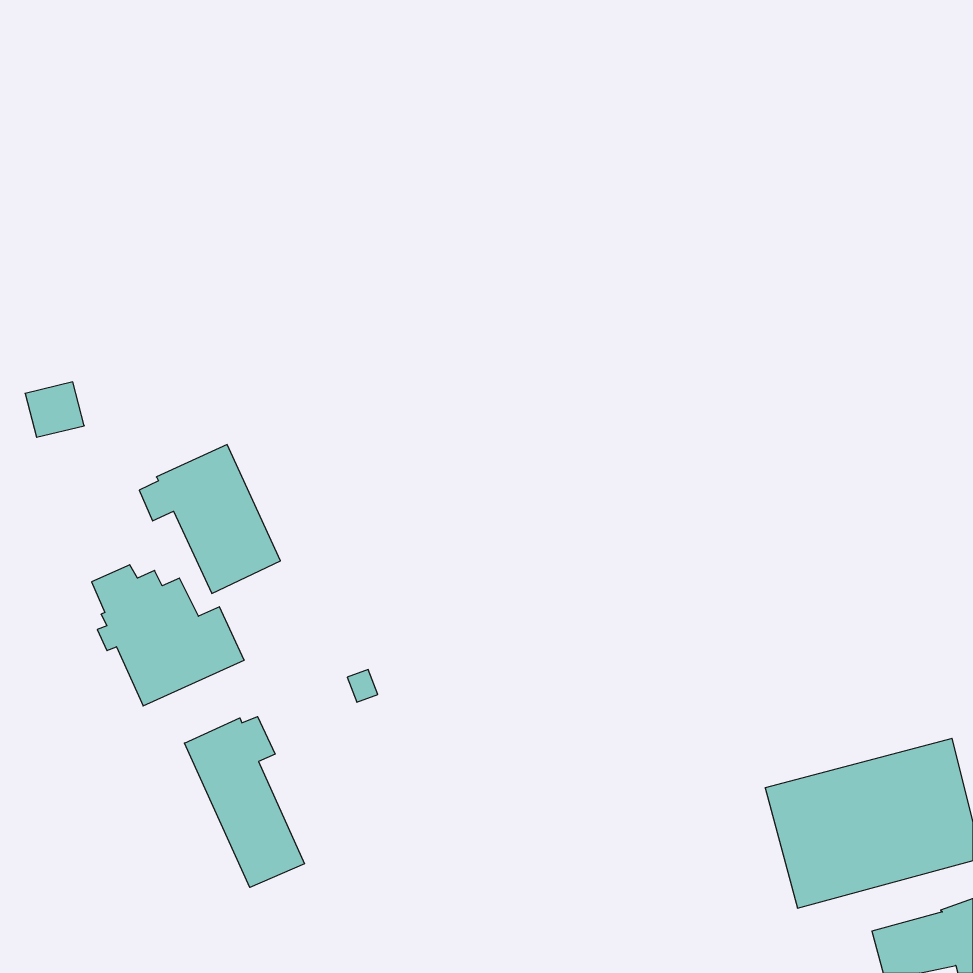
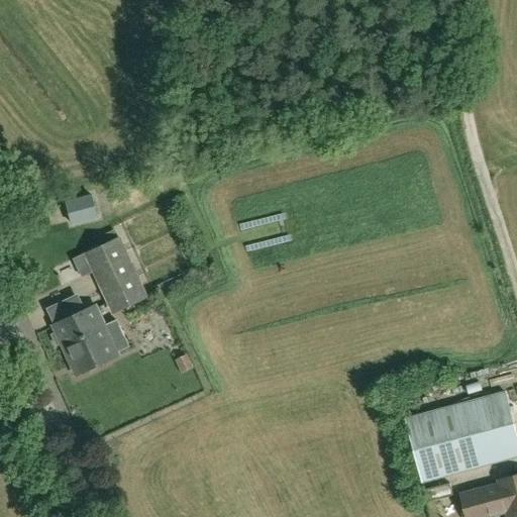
building: [25,382,84,437] -> [66,195,97,224]
building: [184,717,304,887] -> none

